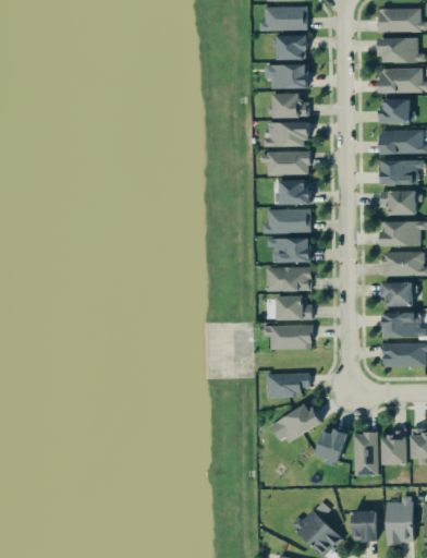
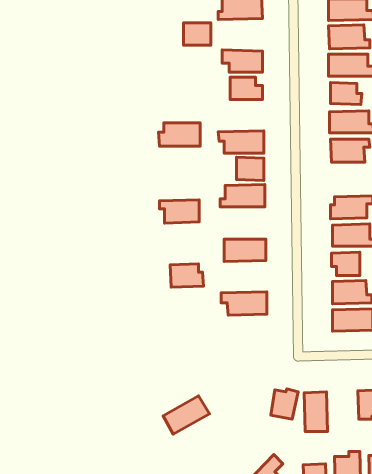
building: [278,36,307,60] -> [183,23,211,45]
building: [264,122,308,147] -> [159,123,200,146]
building: [381,191,416,216] -> none
building: [268,238,310,263] -> [160,200,199,223]
building: [277,295,313,320] -> [170,264,204,287]
building: [267,373,310,399] -> none
building: [270,403,320,445] -> [163,396,210,434]
building: [381,428,407,465] -> none

